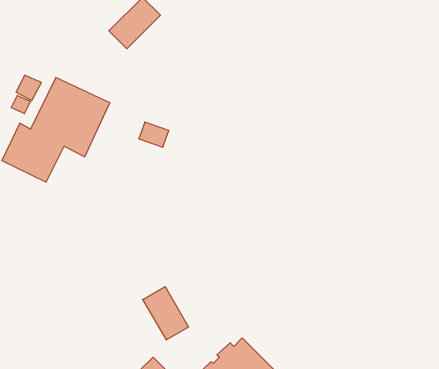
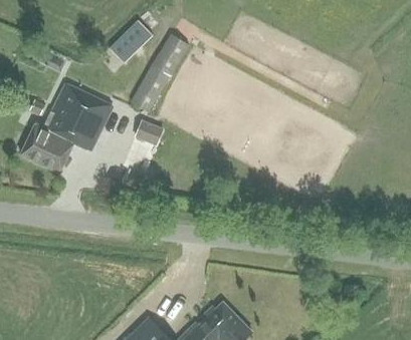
building: none -> [131,34,189,112]
building: [143,287,189,340] -> none

